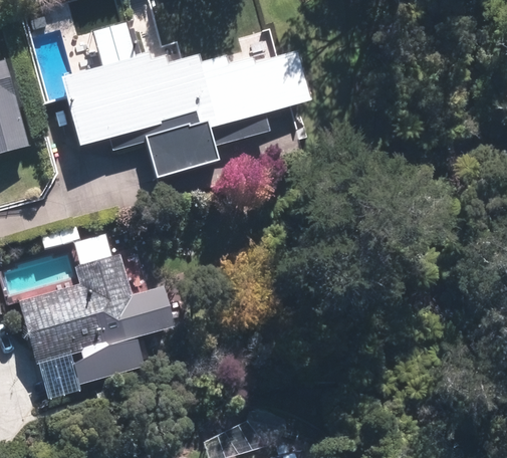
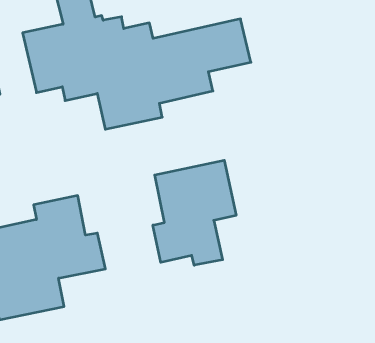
building: none -> [153,160,236,265]

